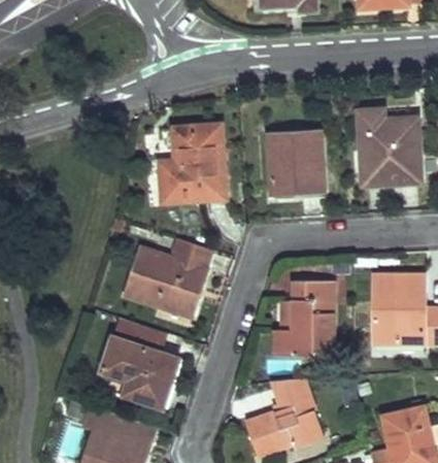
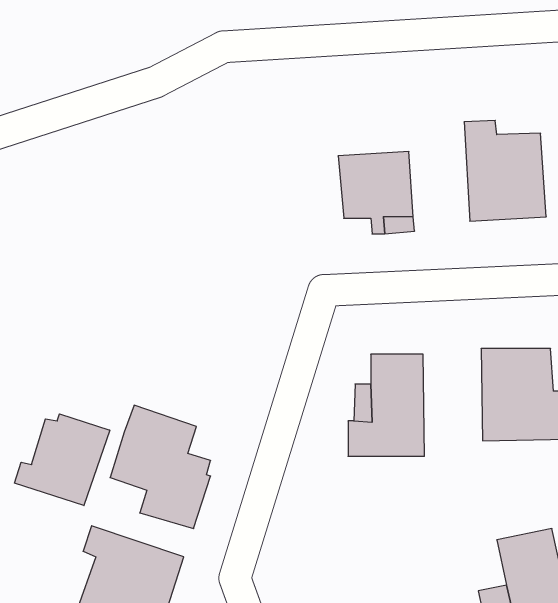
building: [160,126,226,203] -> none
building: [127,239,210,316] -> none
building: none -> [14,414,110,506]
building: [244,377,324,456] -> none

